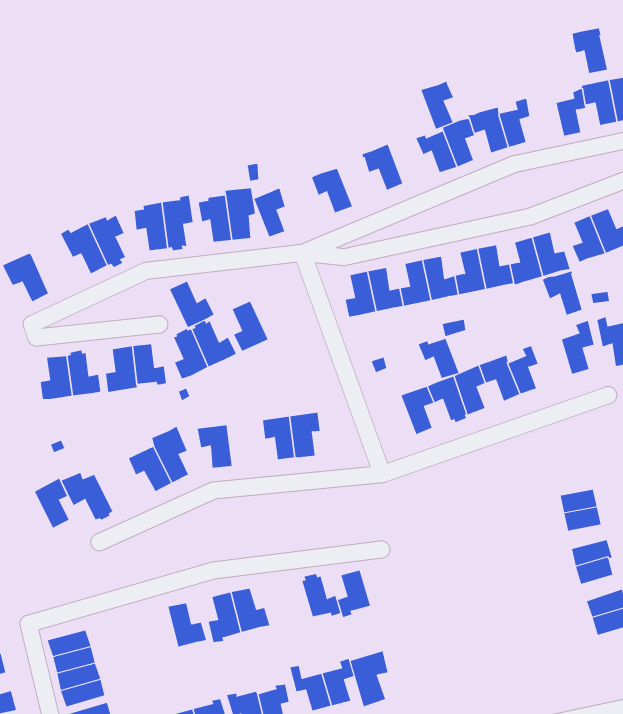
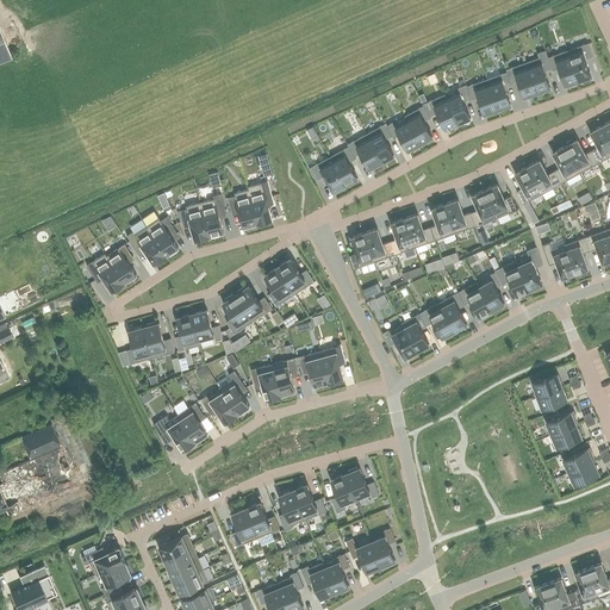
building: [572,28,608,73] -> [467,81,498,117]
building: [420,81,454,130] -> [366,126,394,164]
building: [254,188,285,237] -> [330,149,357,187]
building: none -> [107,245,136,285]
building: [541,271,583,315] -> [494,263,529,298]
building: [169,281,214,328] -> [278,261,315,297]
building: [418,337,459,379] -> [382,328,417,360]
building: none -> [273,360,298,397]
building: [34,478,69,529] -> [178,404,207,443]
building: [337,570,371,618] -> [331,477,357,515]
building: none -> [232,510,259,549]
building: [350,651,388,707] -> none

